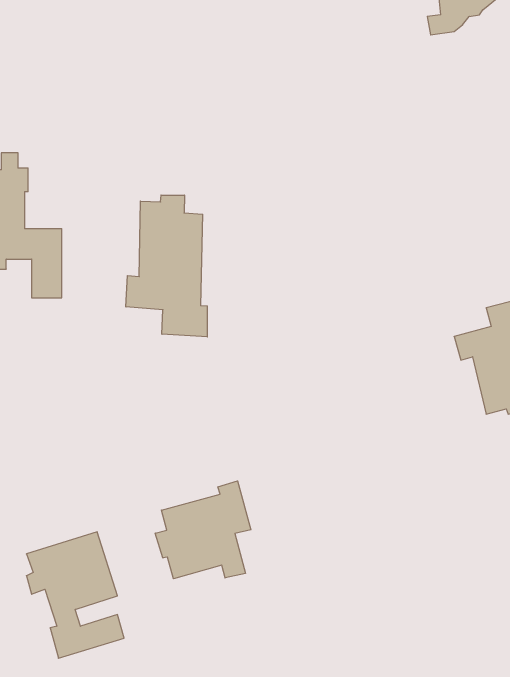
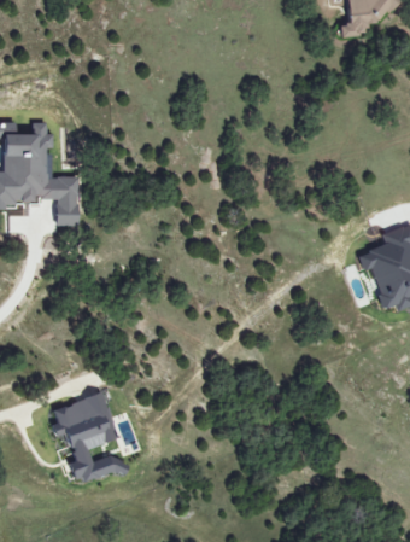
building: [126,195,207,337] -> none
building: [155,481,251,579] -> none

